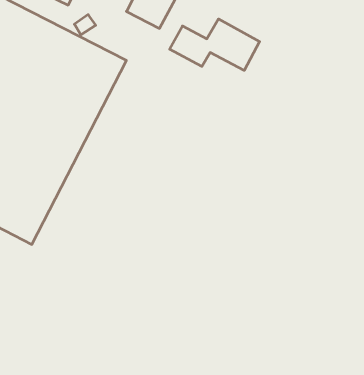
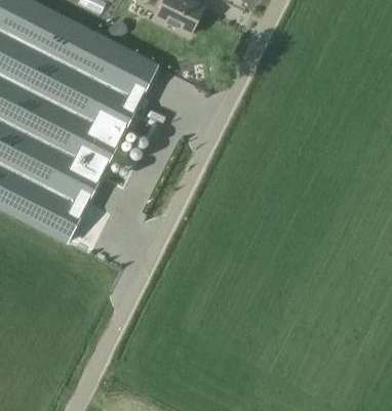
building: [170,19,260,70] -> none

